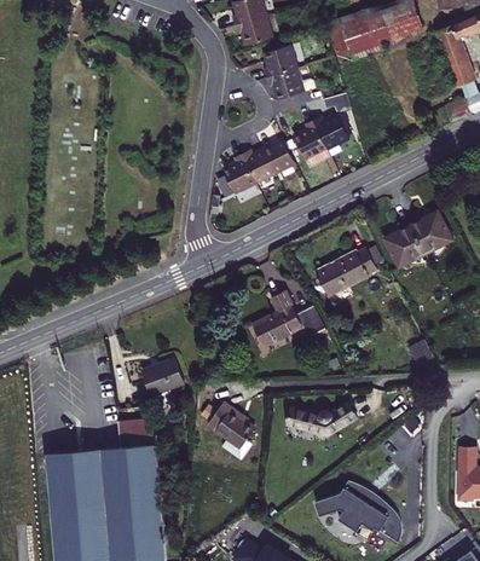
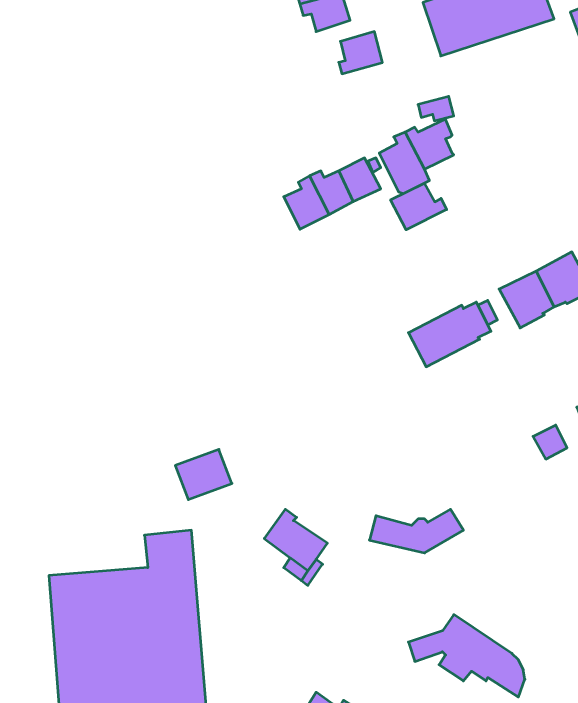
building: [266,69,316,99] -> none
building: none -> [391,183,447,230]
building: [253,290,325,347] -> none

